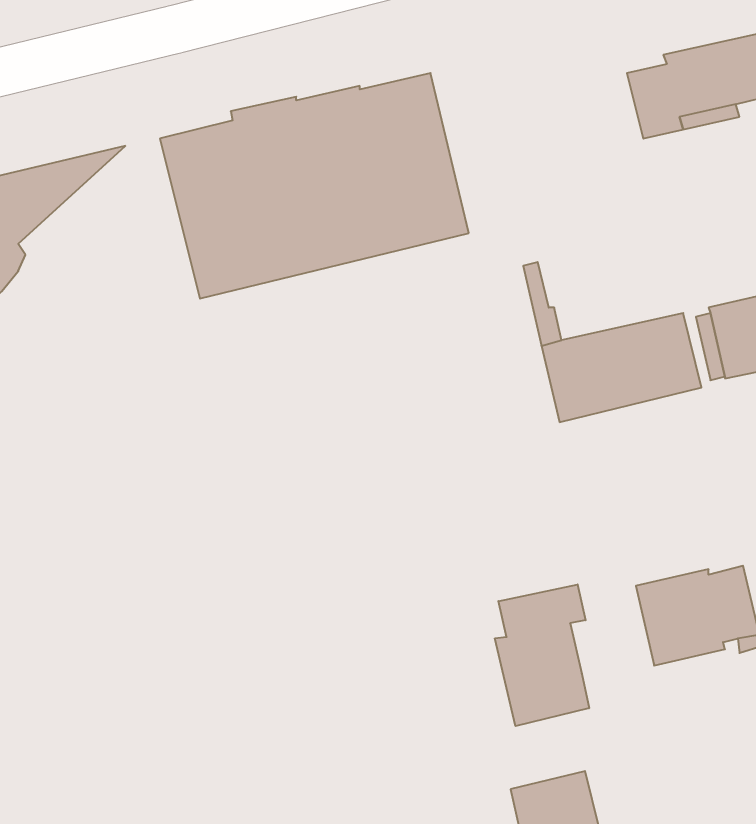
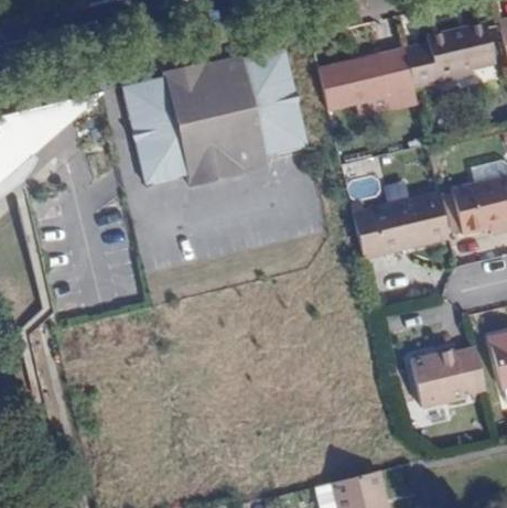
building: none -> [319,47,414,110]
building: [495,584,589,726] -> none

